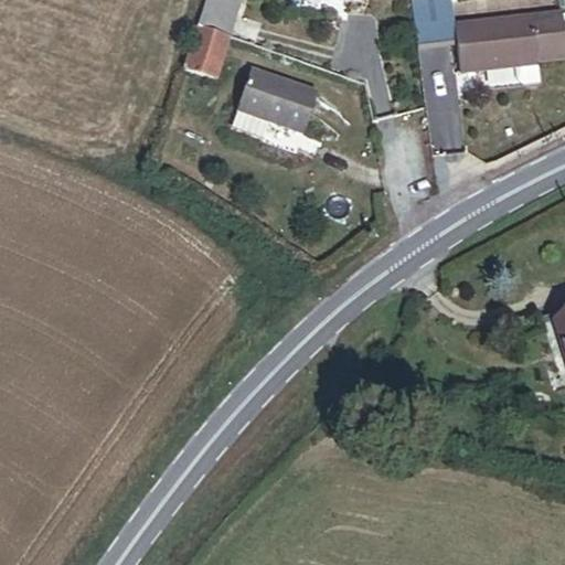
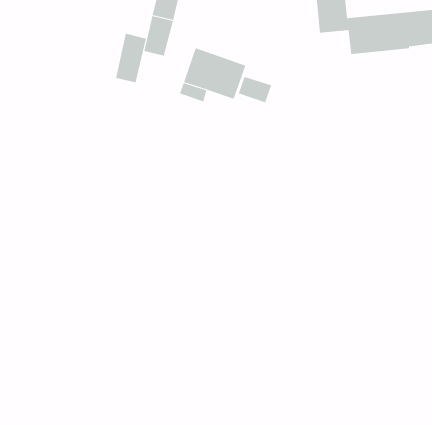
building: none -> [115,33,147,83]
building: none -> [238,76,272,103]

